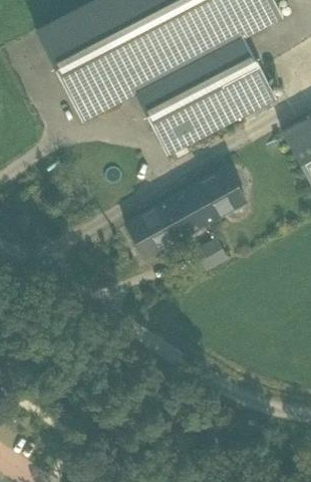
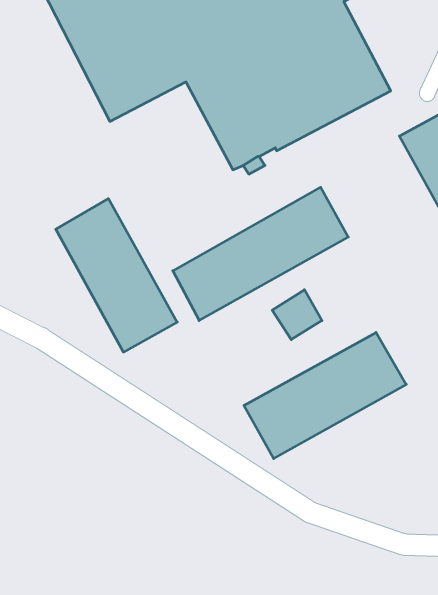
building: none -> [56,199,177,352]
building: none -> [244,332,406,459]

